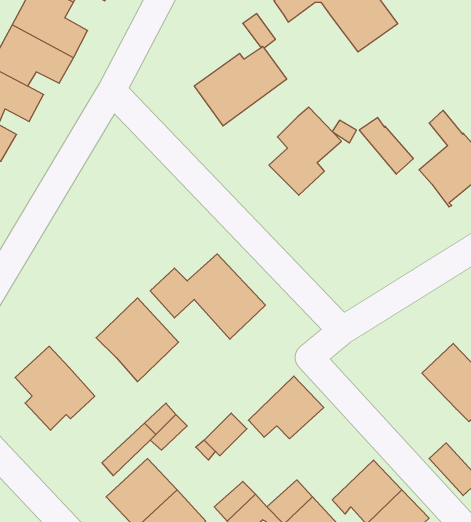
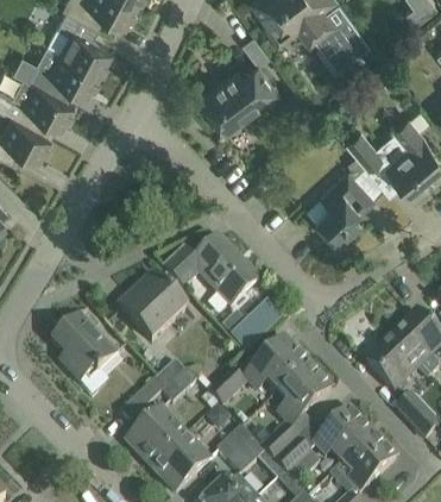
building: [269,107,341,195] -> [314,169,374,243]
building: none -> [222,302,281,350]
building: none -> [365,335,418,389]
building: none -> [279,364,330,423]

